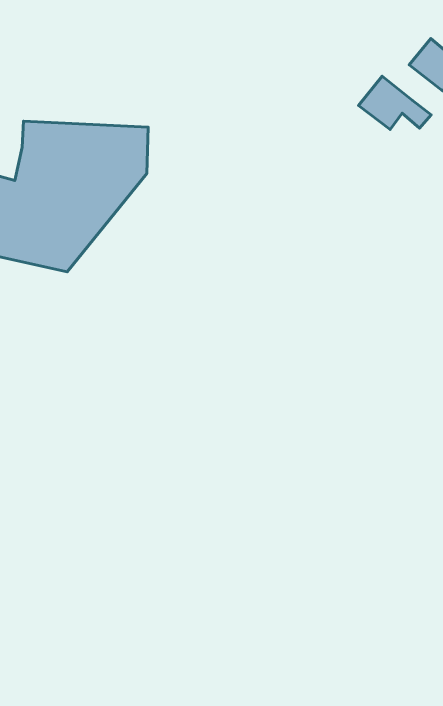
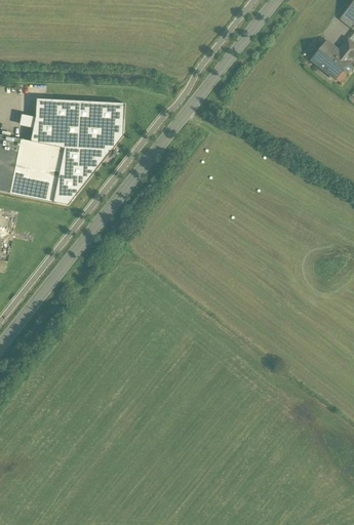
building: [359,76,431,129] -> none

